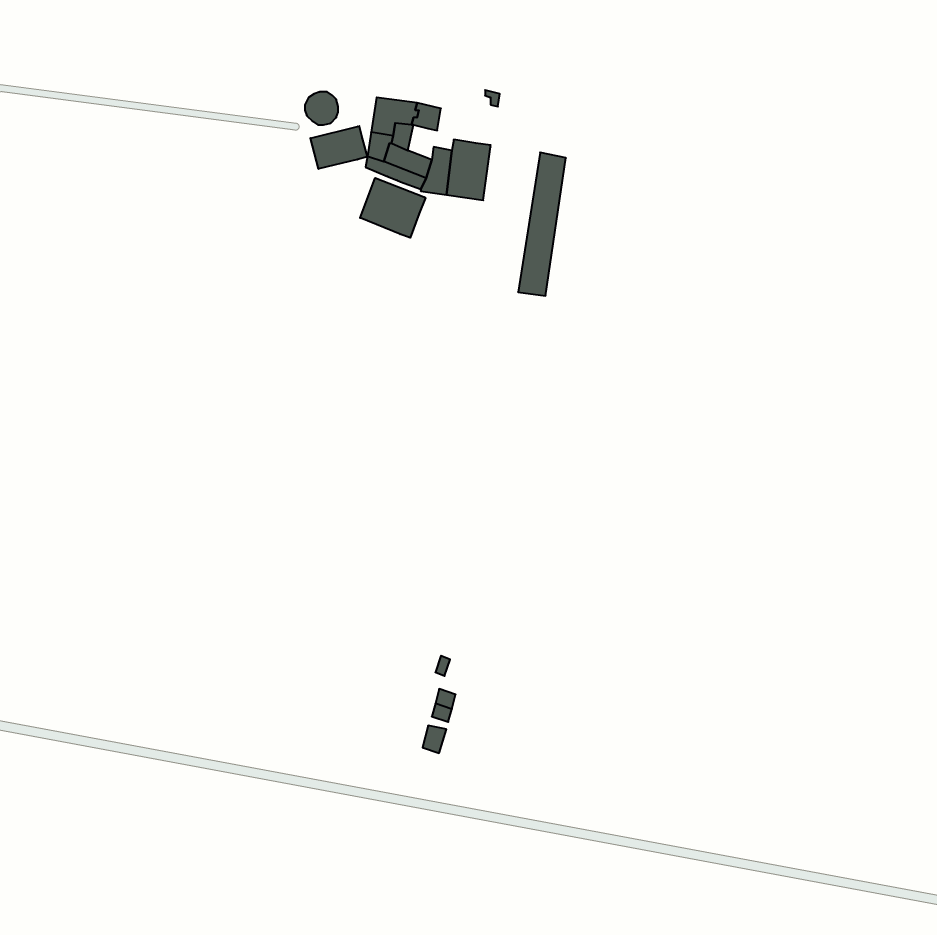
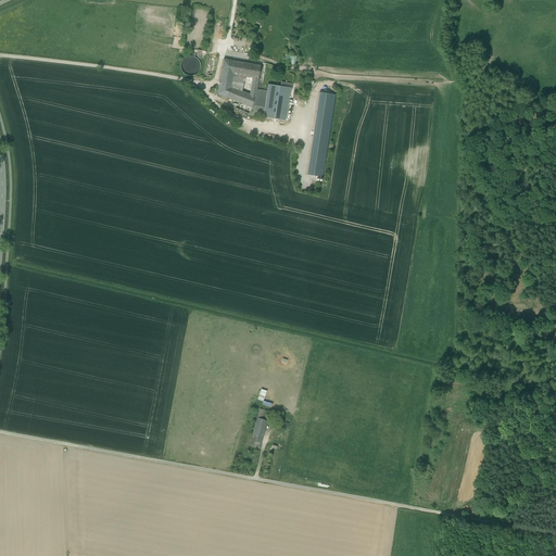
building: [310,126,367,169] -> none
building: [360,178,425,238] -> none

